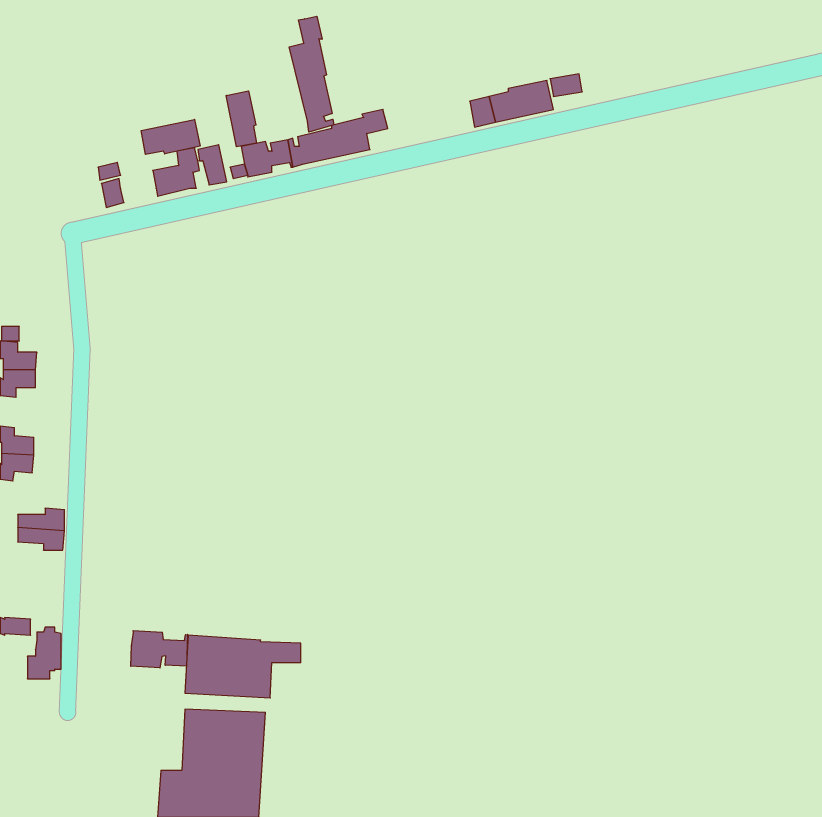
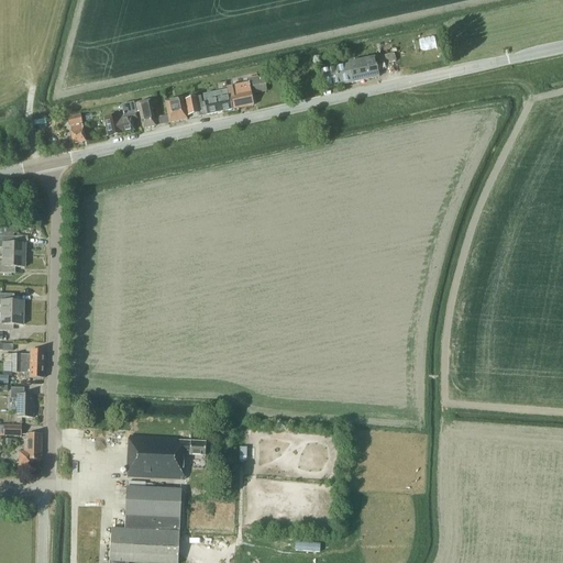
building: [289,16,334,132] -> none
building: [226,91,257,147] -> none
building: [141,119,200,154] -> none
building: none -> [10,386,33,415]
building: [131,631,188,668] -> none

